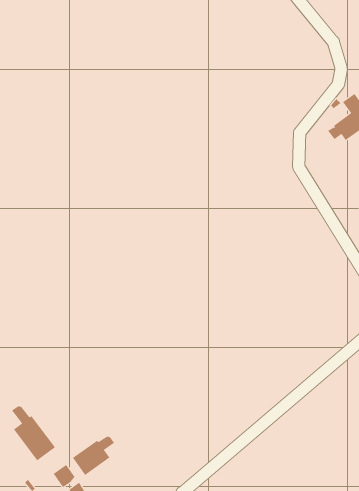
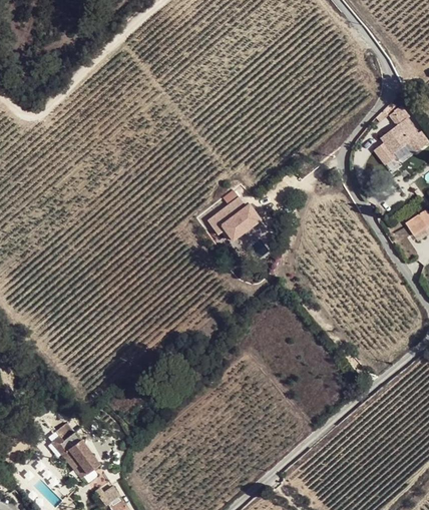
building: none -> [208,197,262,241]
building: [72,436,115,476] -> none

